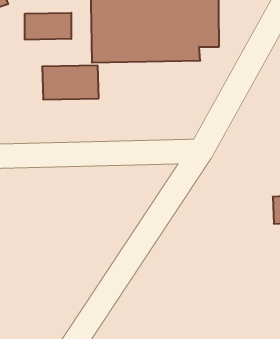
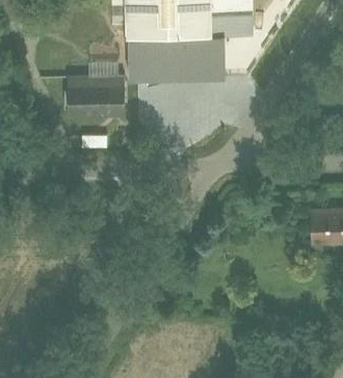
building: [25,13,71,40] -> none

